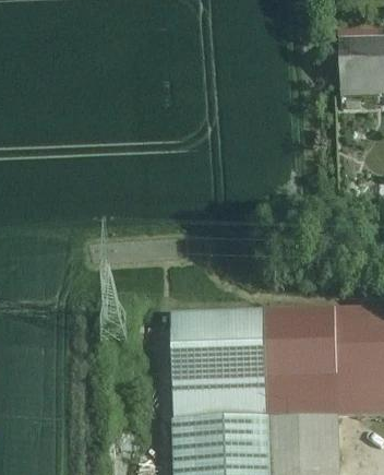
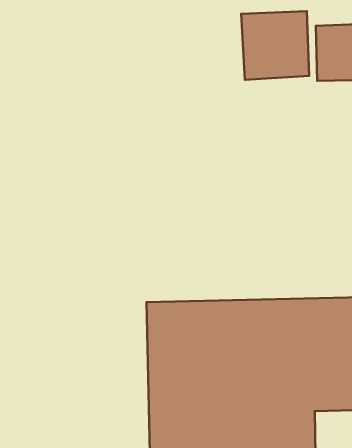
building: none -> [241,11,309,80]

